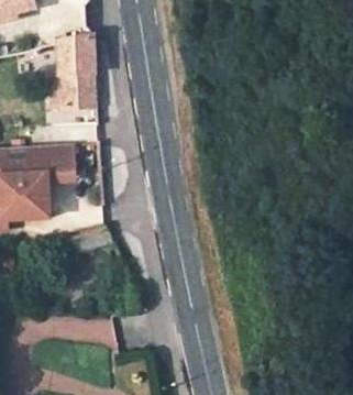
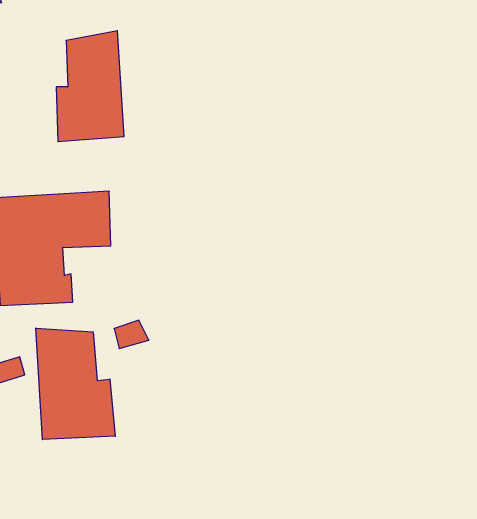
building: none -> [36,328,115,440]

